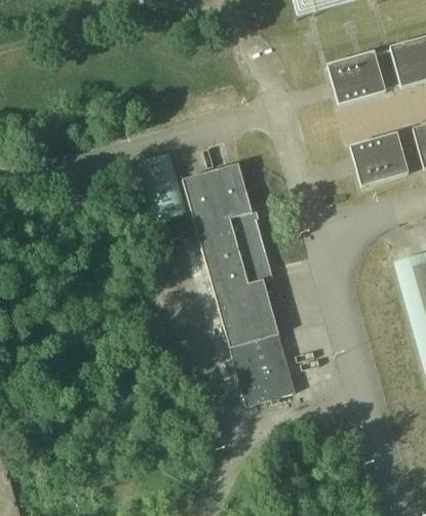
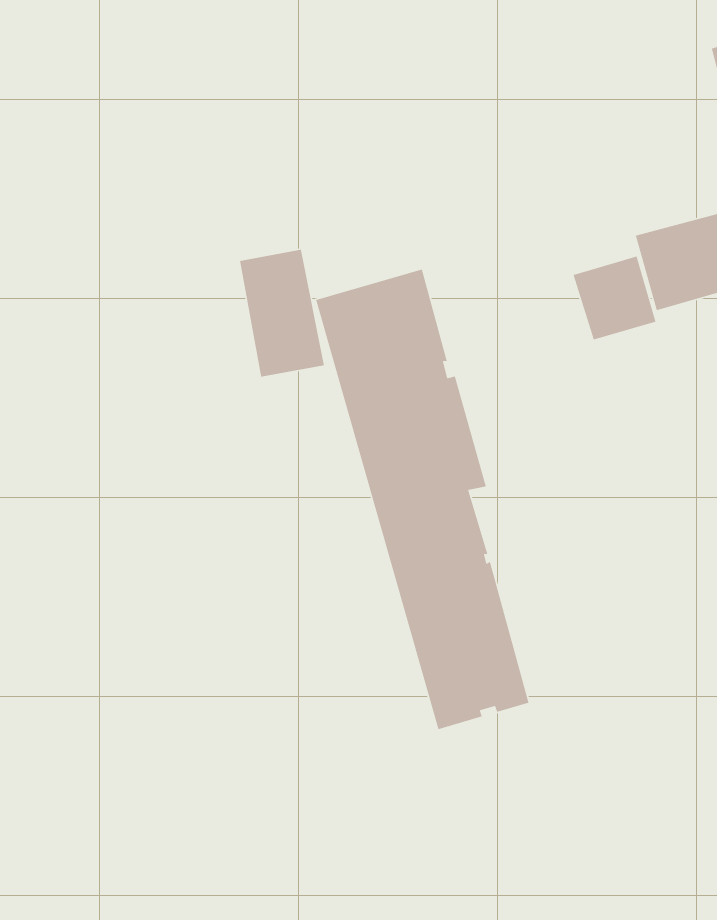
building: [328,51,386,105] -> none
building: none -> [573,256,656,340]

